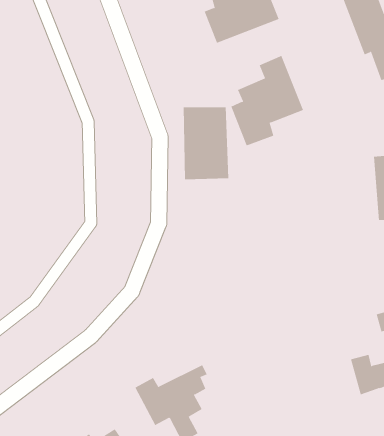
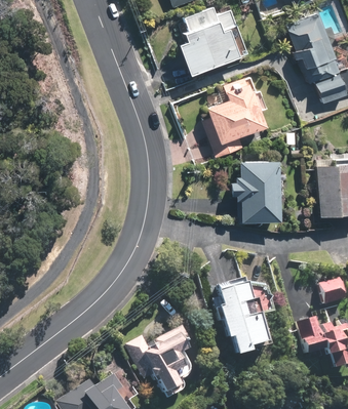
building: [183,107,229,180] -> [242,163,279,221]
building: none -> [221,285,264,352]

